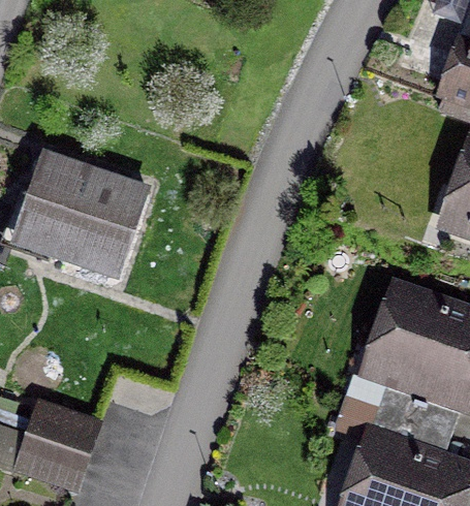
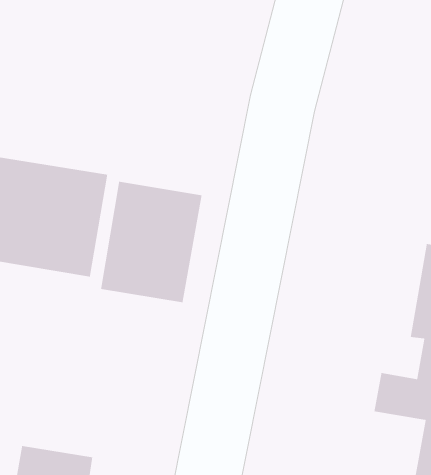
building: none -> [100,181,203,303]

